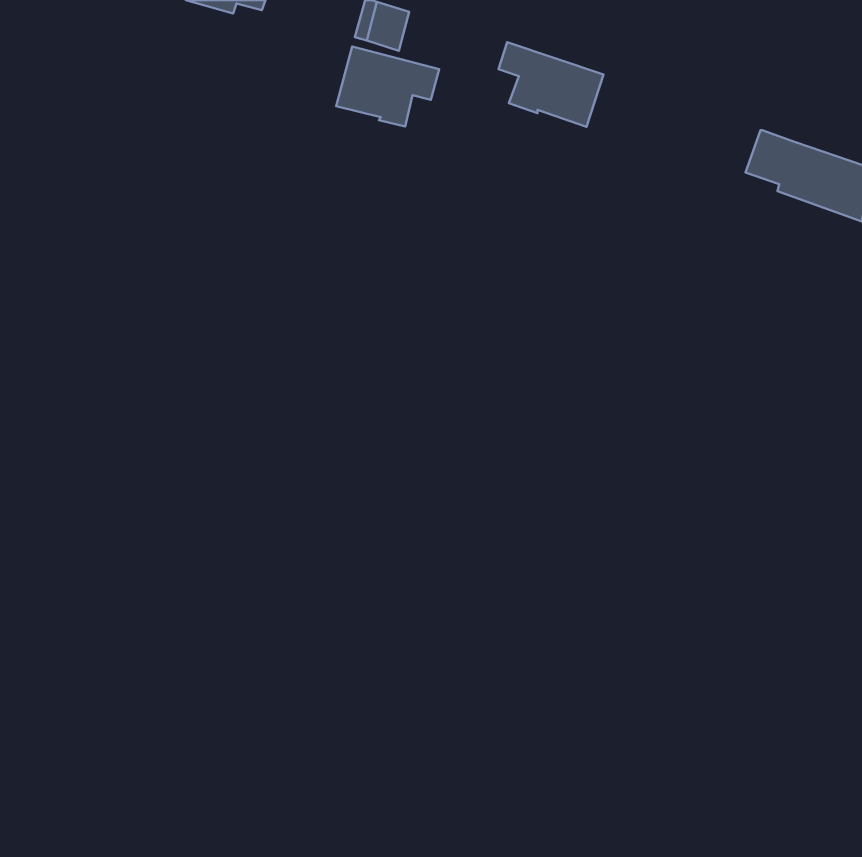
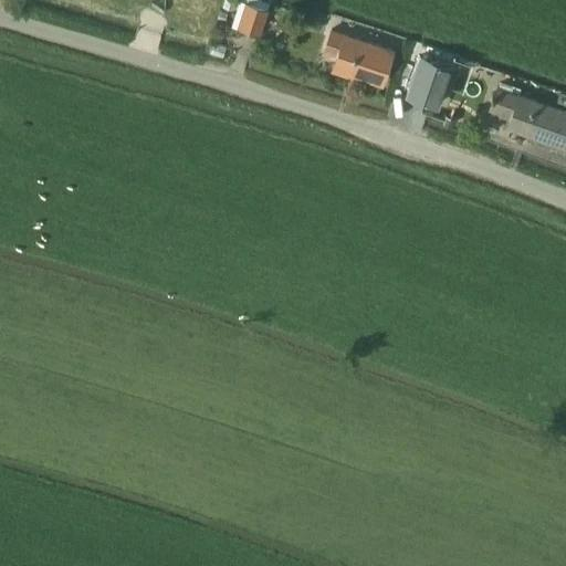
building: [336,47,439,127] -> none
building: none -> [407,59,452,111]

